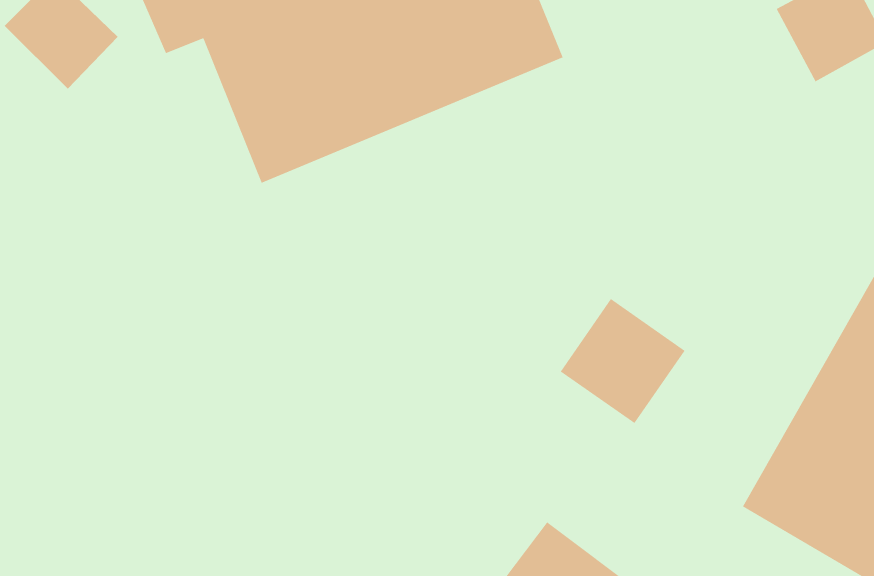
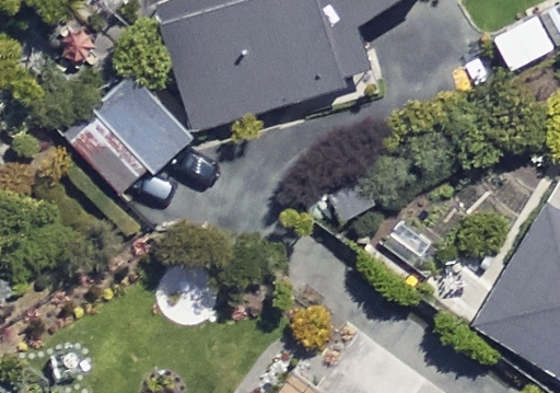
building: none -> [70,78,188,196]

